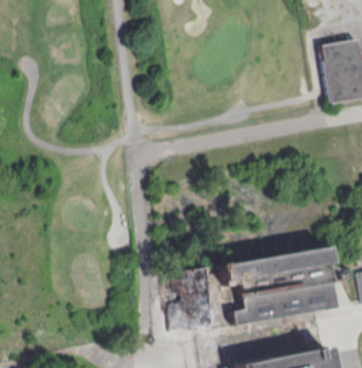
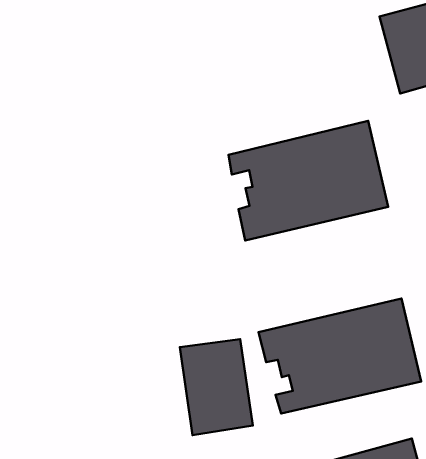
building: none -> [228,121,388,240]

